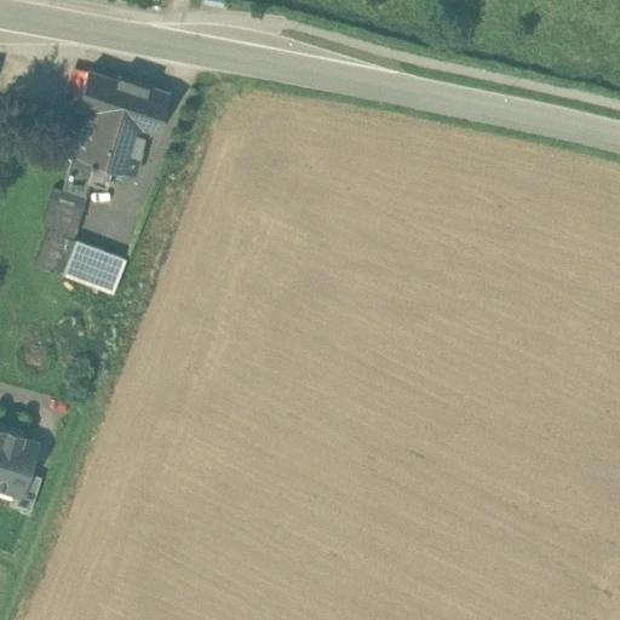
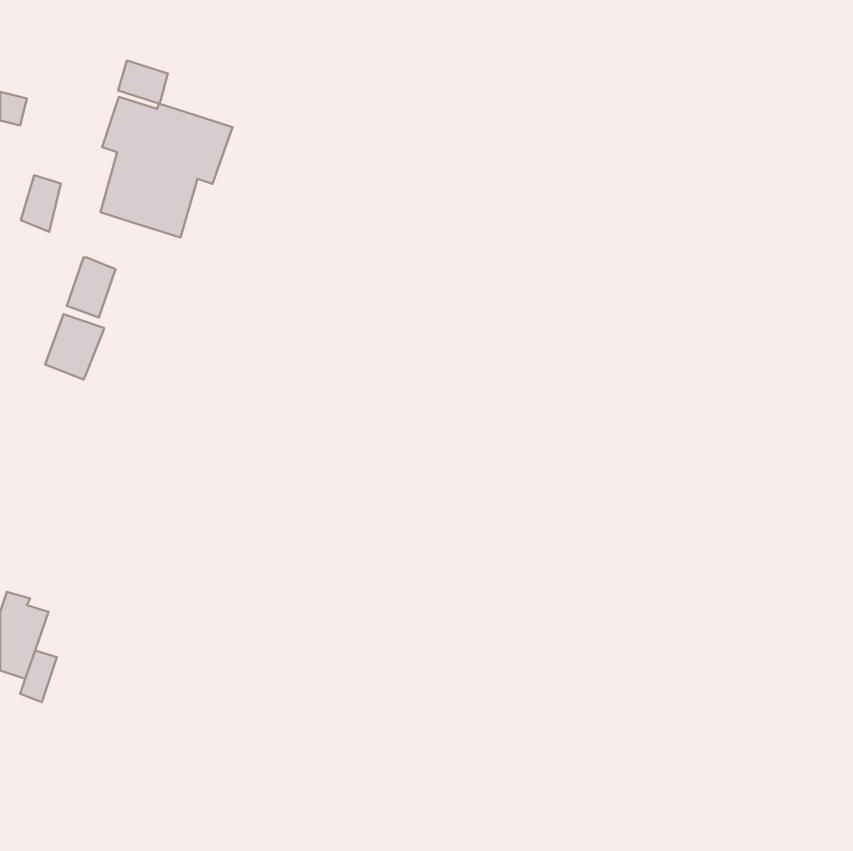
building: none -> [118,61,168,104]
building: [64,156,93,197] -> [21,175,61,232]
building: [63,240,126,294] -> none

